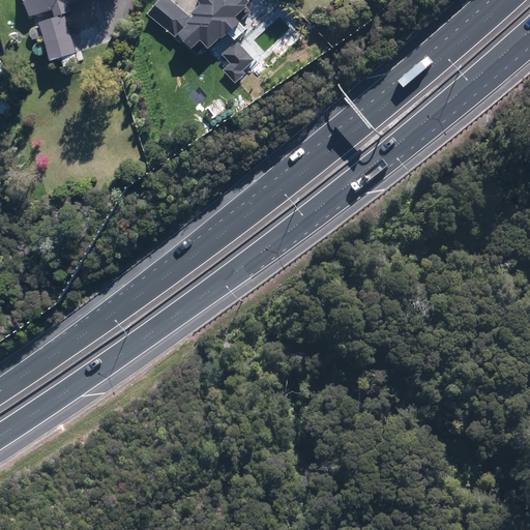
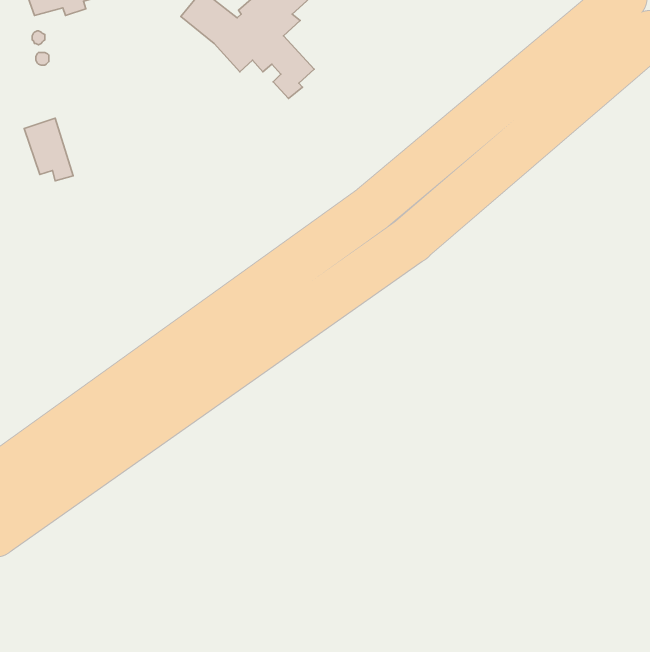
building: [38,11,78,62] -> [24,118,73,181]

